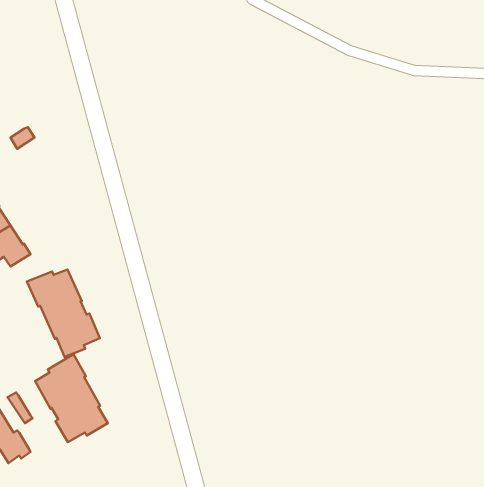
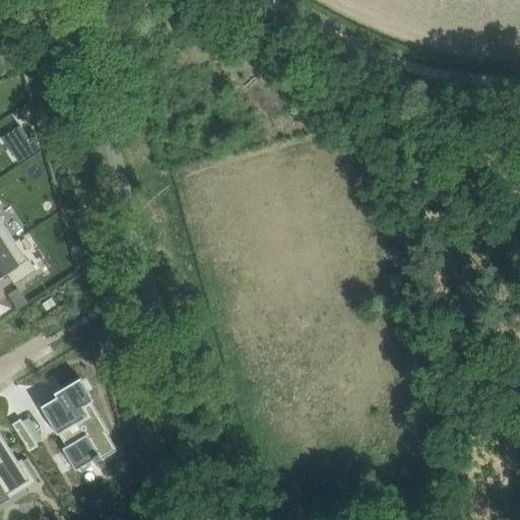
building: [27,270,100,357] -> none

